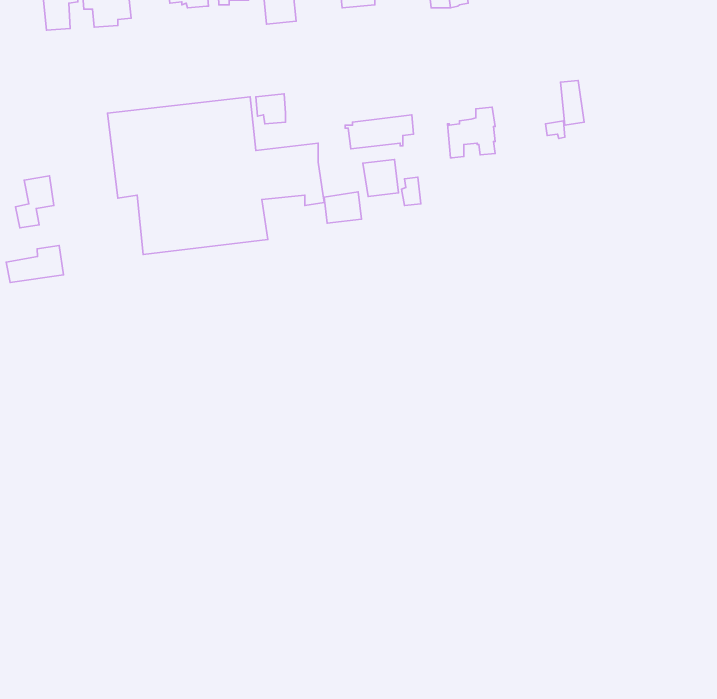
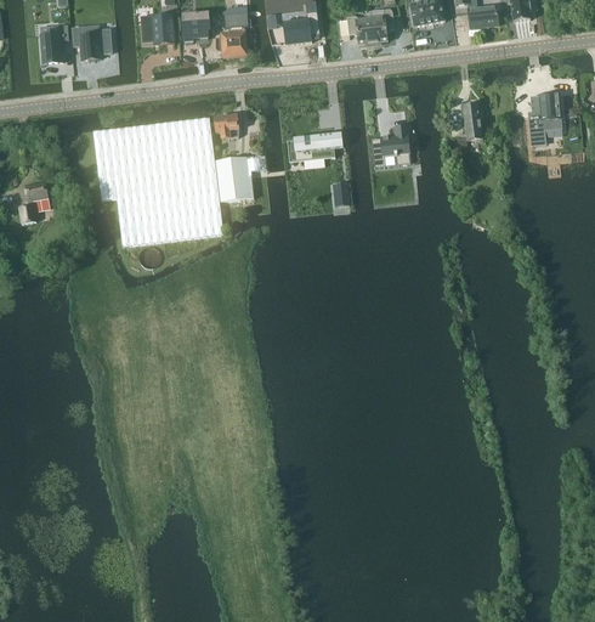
building: none -> [528,92,560,145]
building: [363,159,398,196] -> none
building: [324,192,362,223] -> none
building: [6,245,64,282] -> none

